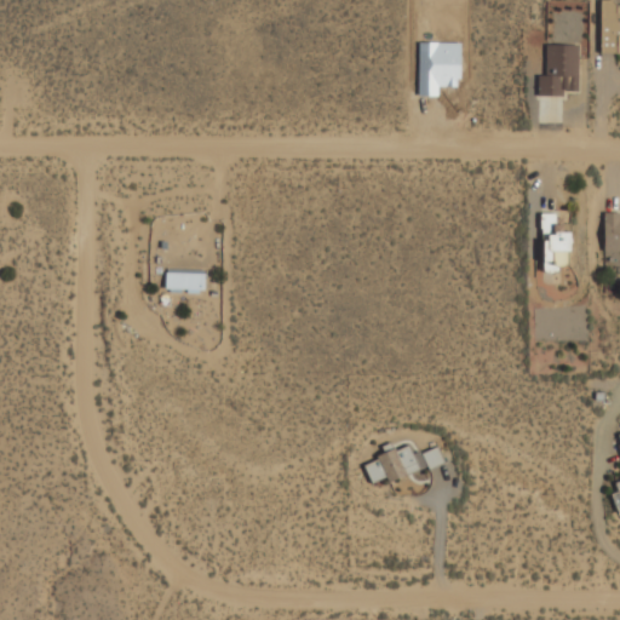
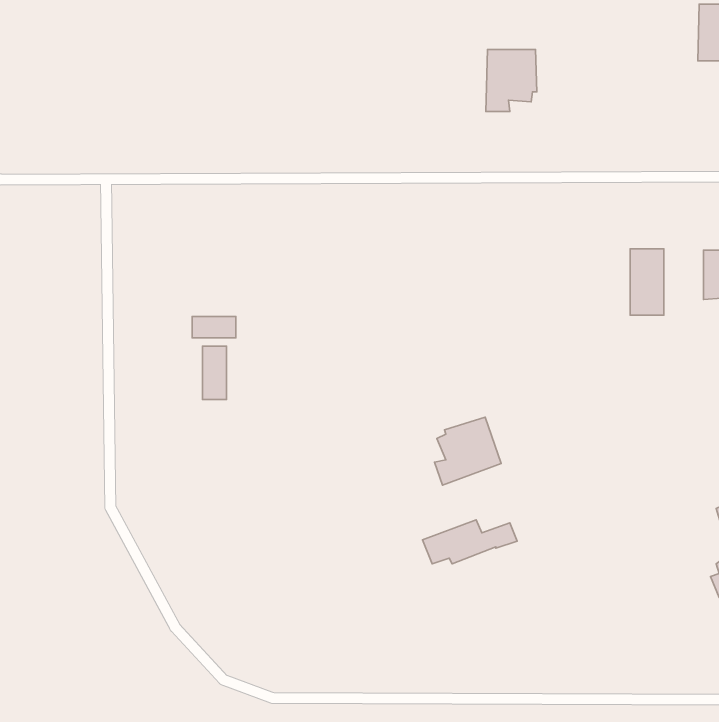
building: [539,46,579,97] -> none
building: none -> [202,346,226,400]
building: none -> [435,417,501,485]

